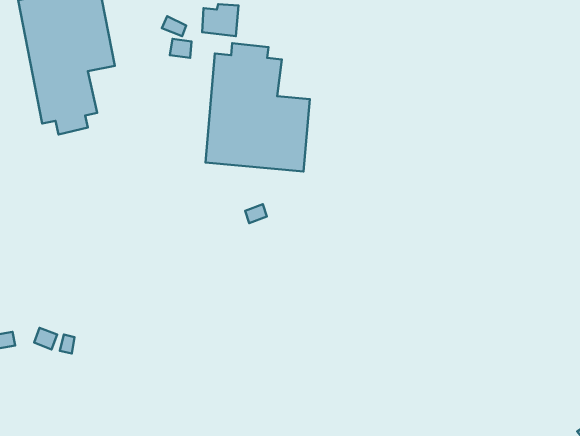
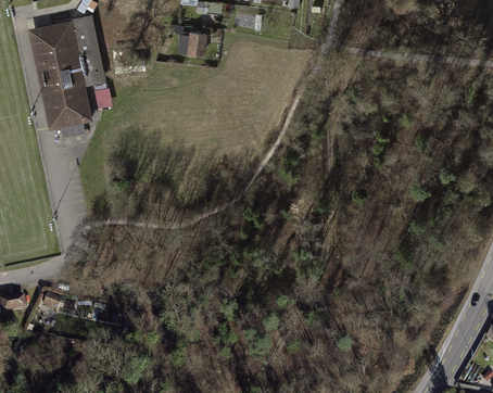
building: [205,43,310,171] -> none

